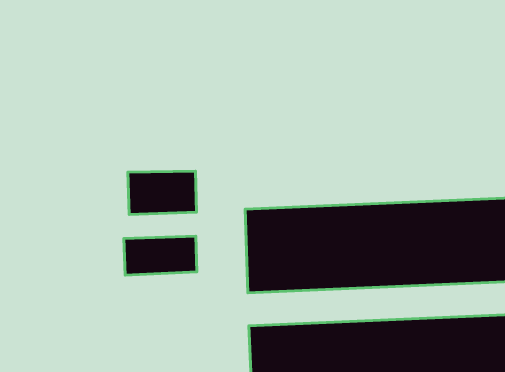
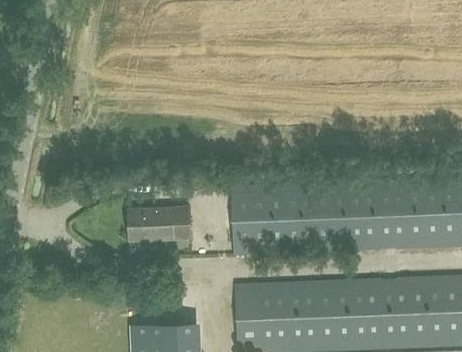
building: [128,171,197,214] -> none

